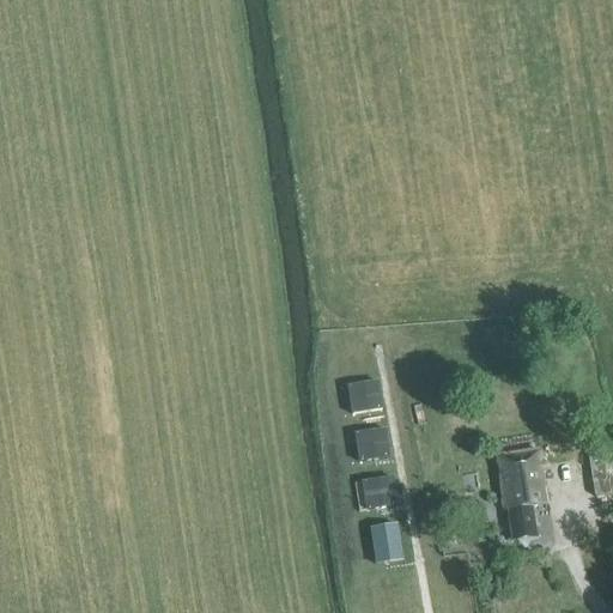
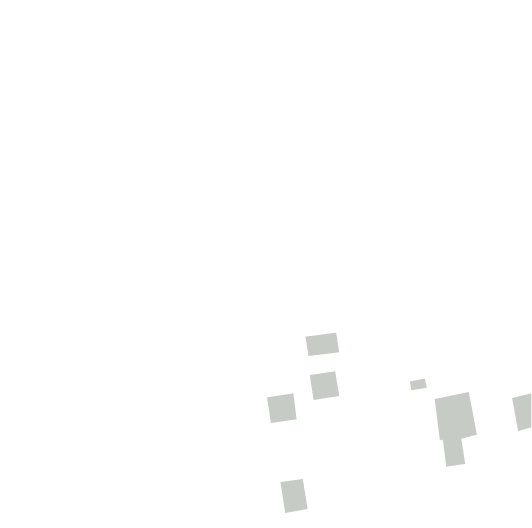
building: [362,473,397,509] -> [266,393,297,424]
building: [369,522,402,563] -> [279,478,309,514]

